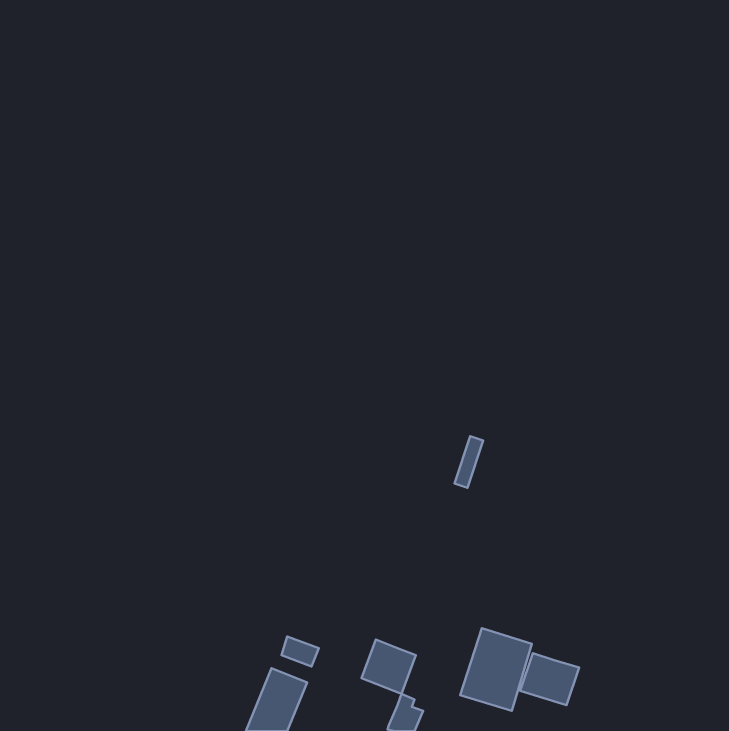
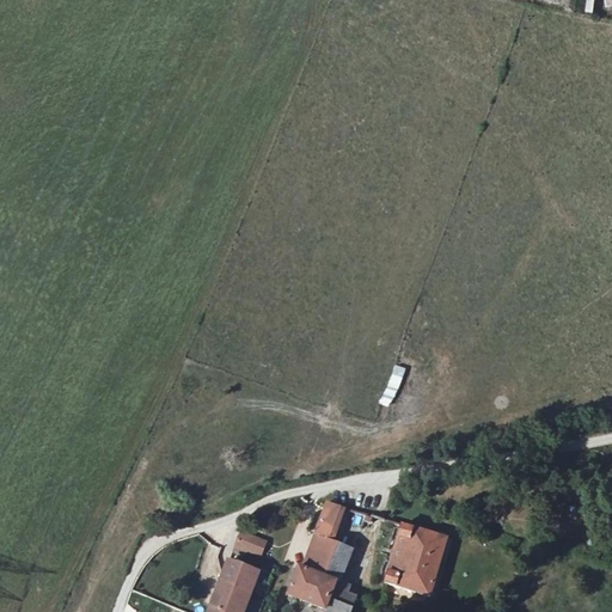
building: none -> [316,502,345,541]
building: [520,653,579,705] -> none
building: none -> [290,565,337,606]

